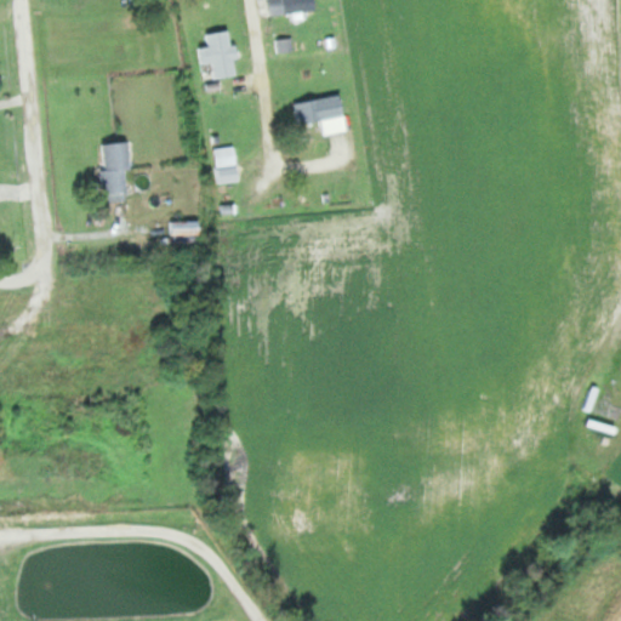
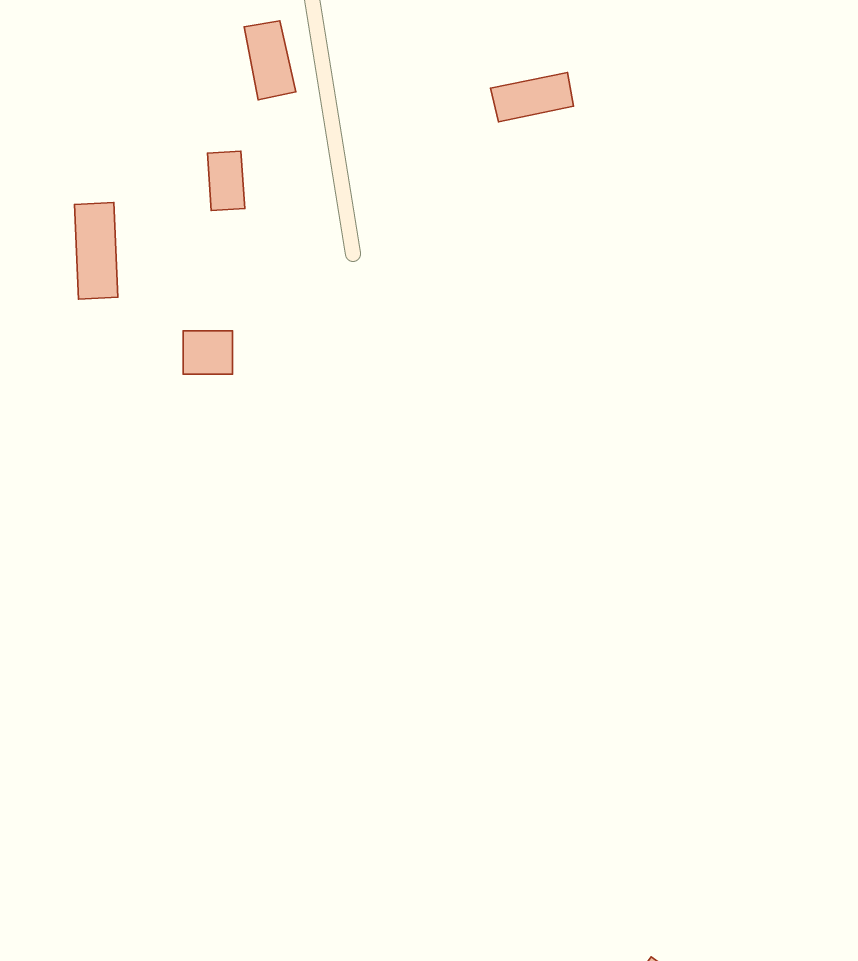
building: [292,95,343,125] -> [491,72,573,122]
building: [213,146,237,182] -> [207,151,245,210]

